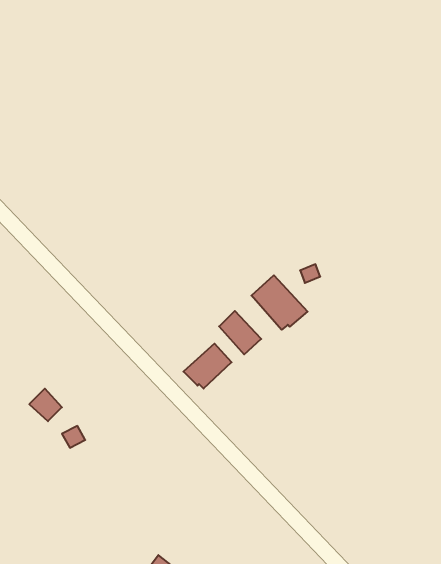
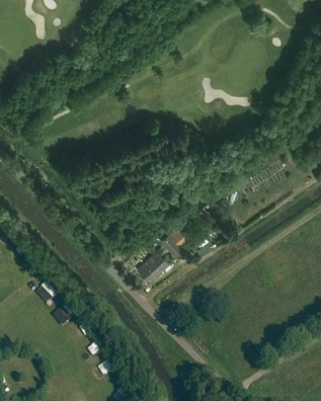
building: [251,275,308,330] -> none

